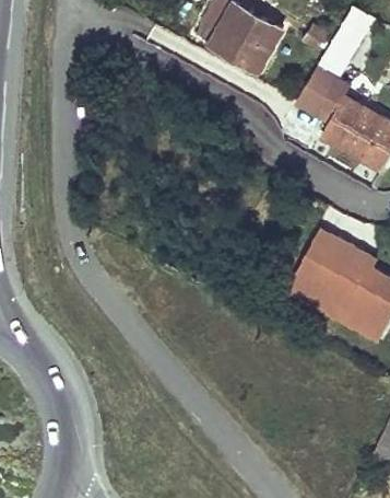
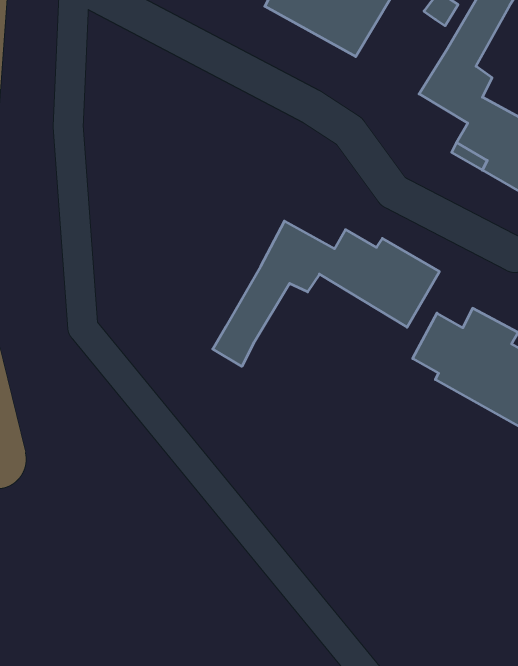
building: none -> [213,221,439,366]

